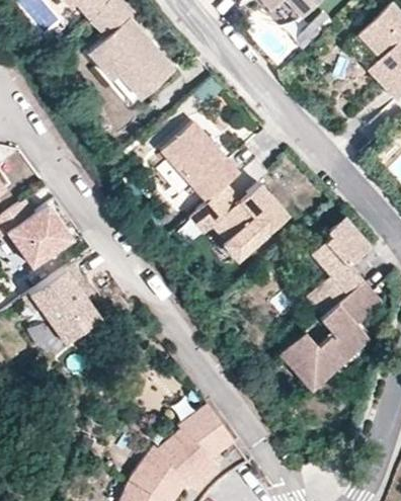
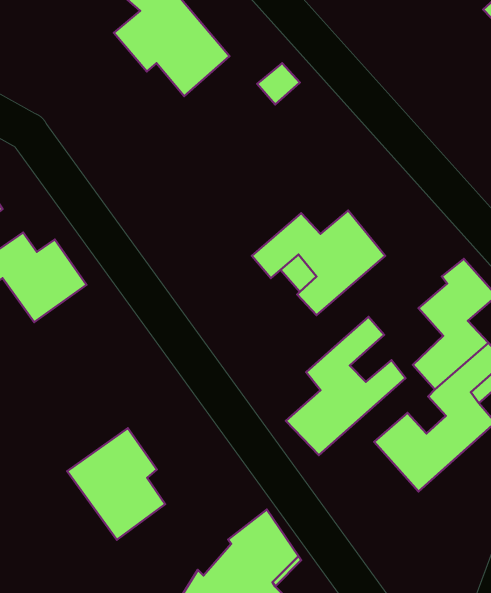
building: [162,123,240,203] -> none
building: [26,262,98,344] -> [67,428,165,540]
building: none -> [286,317,405,455]

